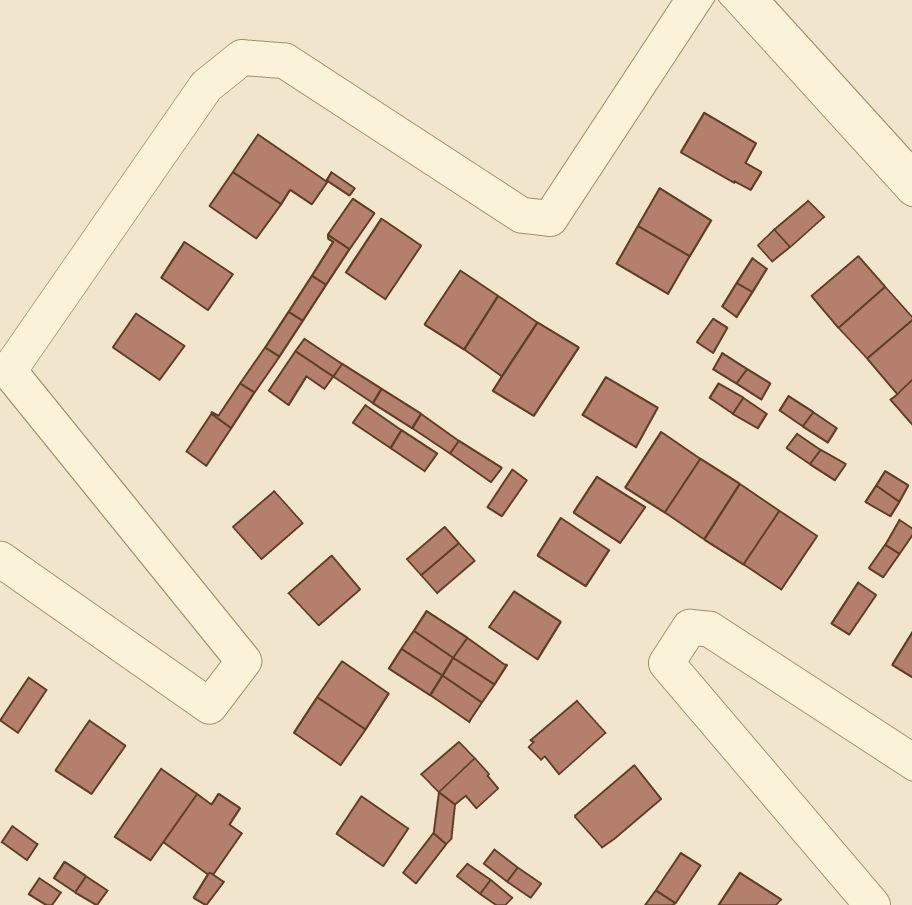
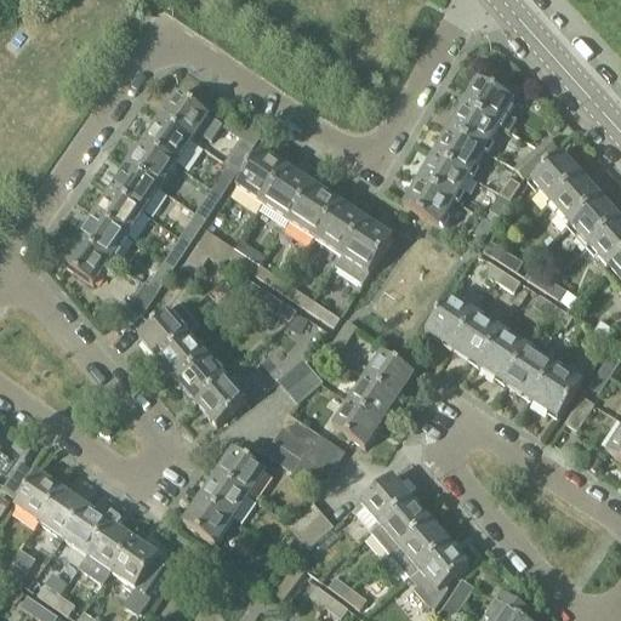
building: none -> [449,103,500,149]
building: none -> [127,139,176,186]
building: none -> [532,150,583,200]
building: none -> [263,166,314,220]
building: none -> [95,188,143,234]
building: none -> [62,235,110,283]
building: [582,377,658,447] -> [404,178,455,226]
building: none -> [139,300,200,357]
building: [574,477,645,543] -> [351,376,399,421]
building: none -> [180,354,227,401]
building: none -> [531,363,583,417]
building: none -> [16,471,63,522]
building: none -> [374,496,432,552]
building: none -> [64,505,112,554]
building: [337,796,408,866] -> [184,496,233,543]
building: none -> [410,541,469,608]

